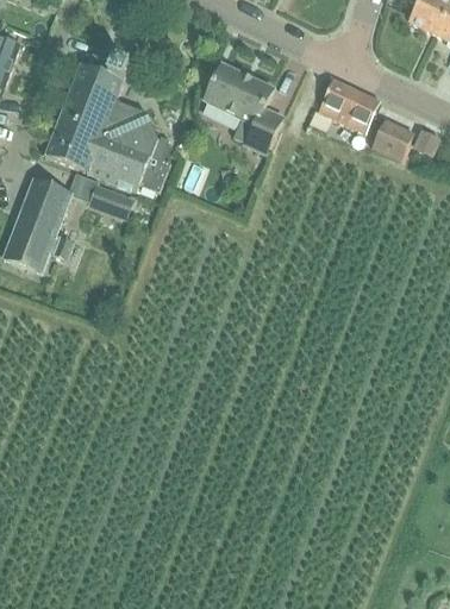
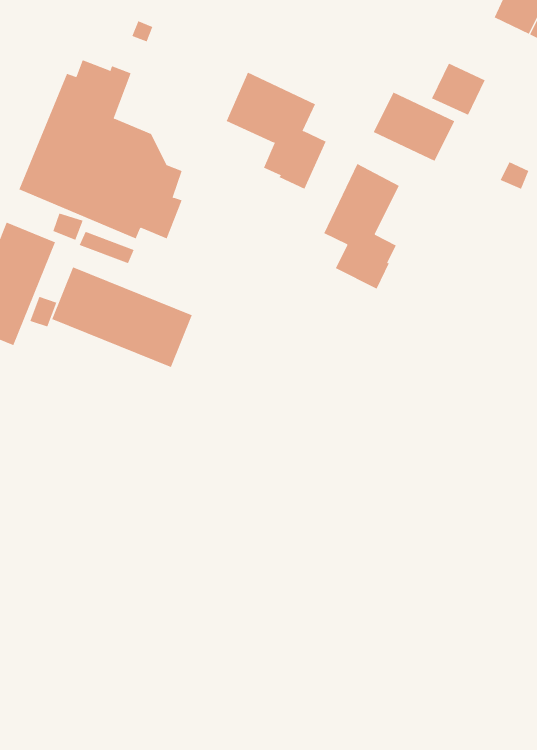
building: [371,120,413,161] -> [431,63,485,116]
building: none -> [324,163,399,290]
building: none -> [52,267,192,368]

